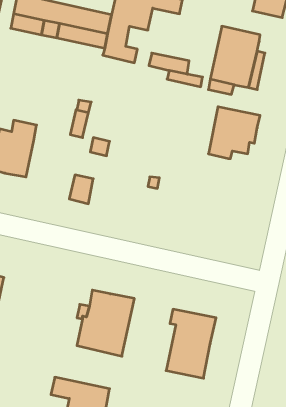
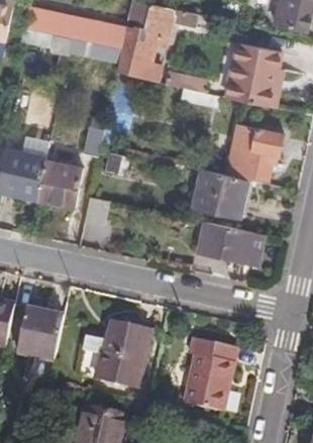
building: none -> [35,161,80,210]
building: none -> [191,170,249,222]
building: none -> [198,223,262,266]
building: none -> [17,310,64,360]

